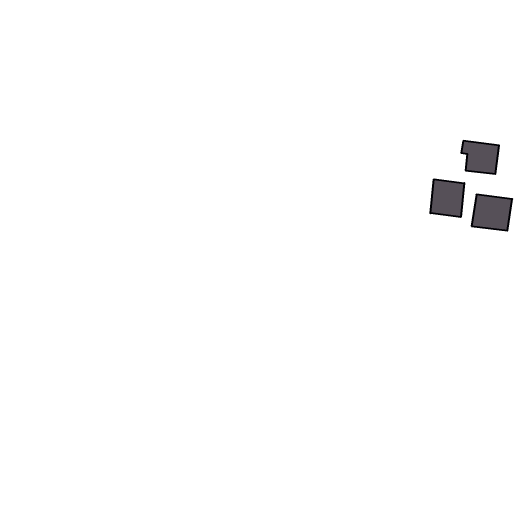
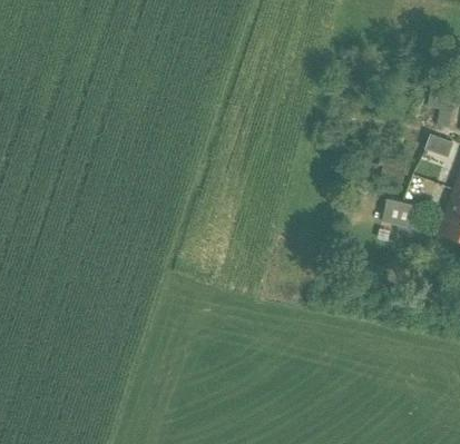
building: [430,179,464,217] -> none

